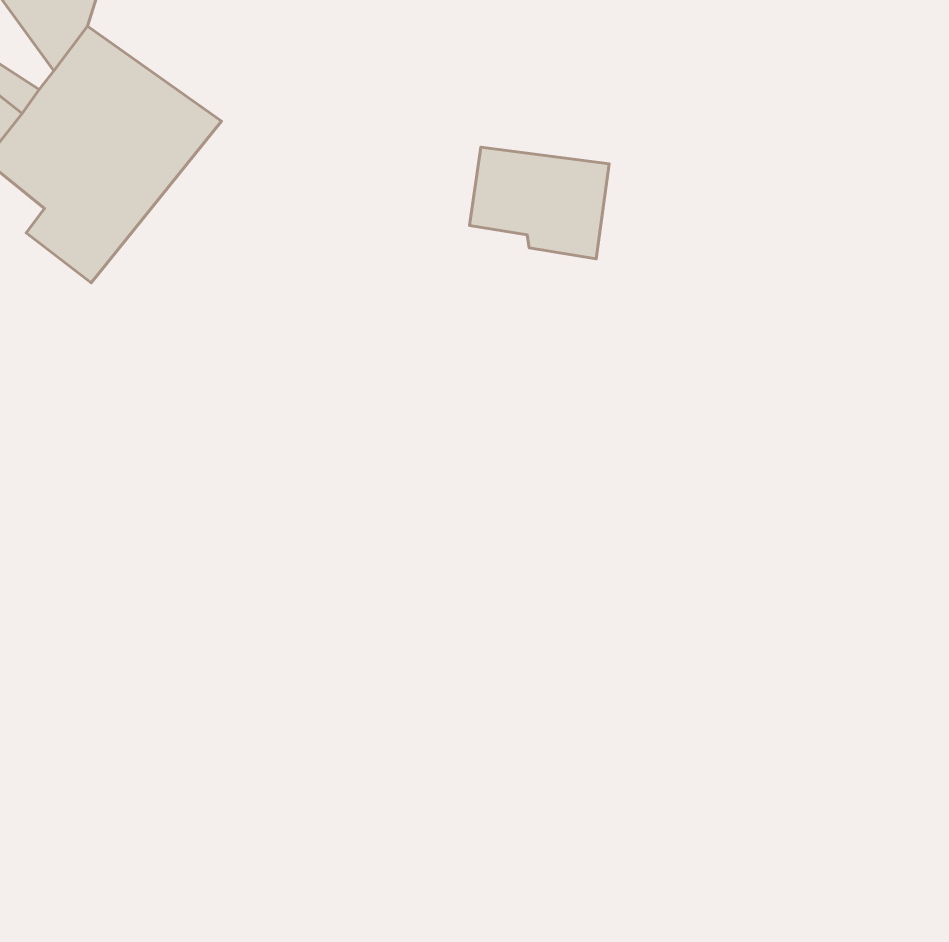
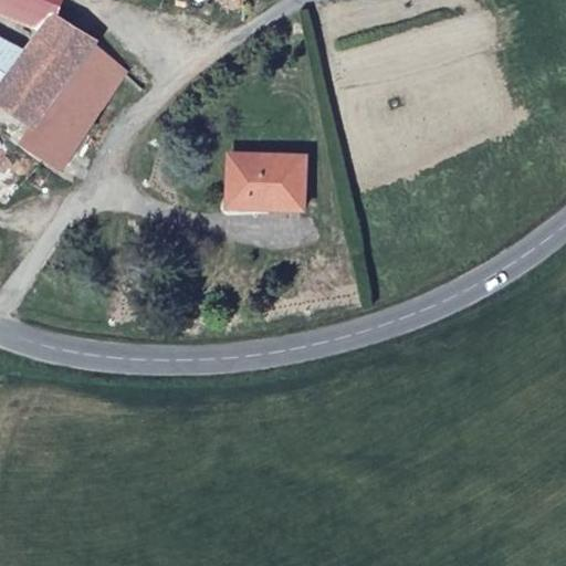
building: [470,147,609,259] -> [223,148,306,214]

